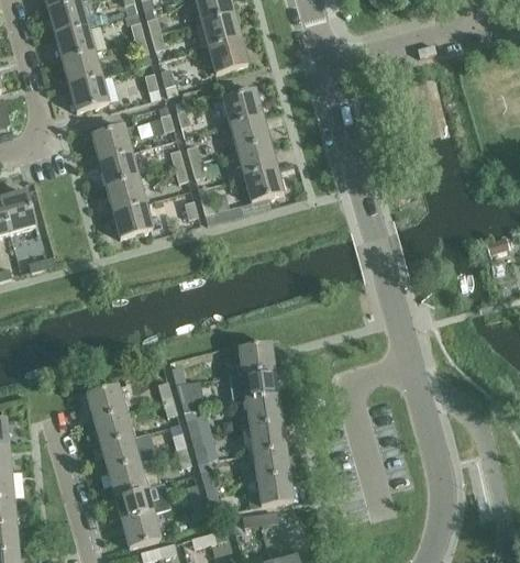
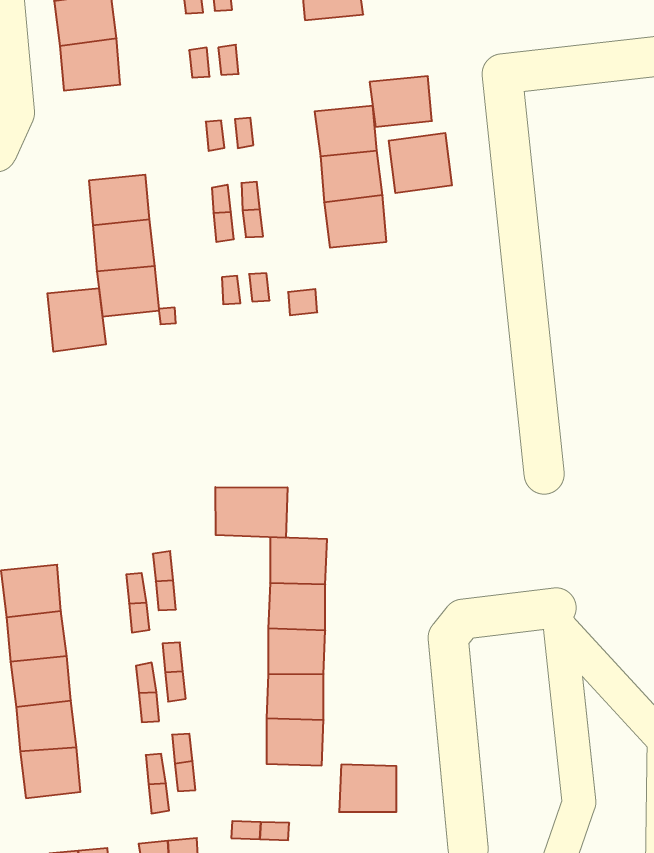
building: [207,36,246,70] -> [370,76,432,127]
building: none -> [389,133,452,193]
building: [90,123,130,158] -> none
building: [243,165,283,199] -> none
building: none -> [47,288,106,352]
building: none -> [215,487,287,538]
building: [256,473,292,505] -> [339,765,396,812]
building: [121,511,159,545] -> none

